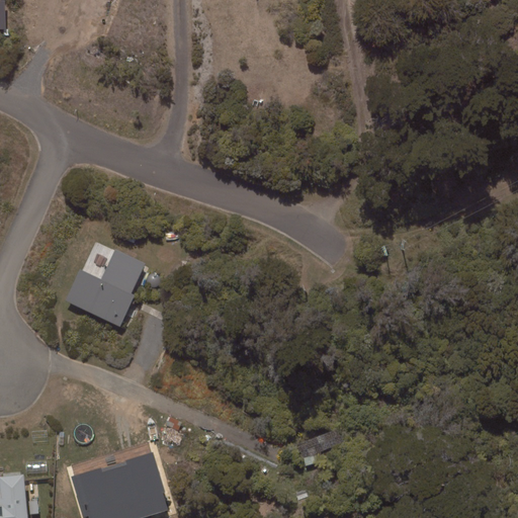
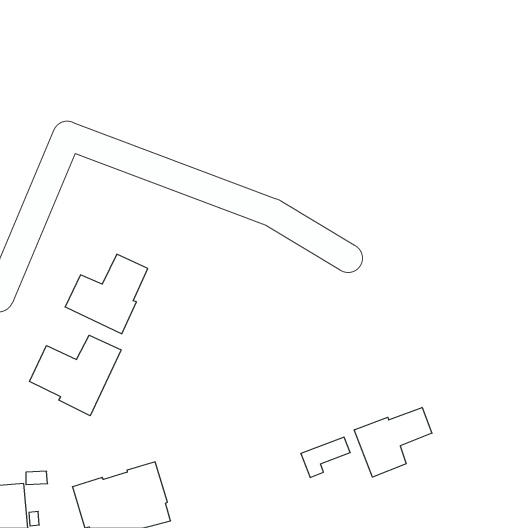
building: none -> [29,335,121,416]
building: none -> [354,407,432,477]

